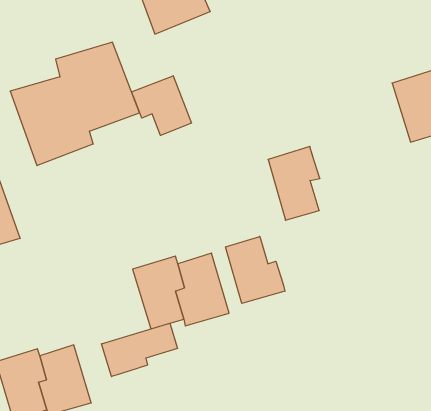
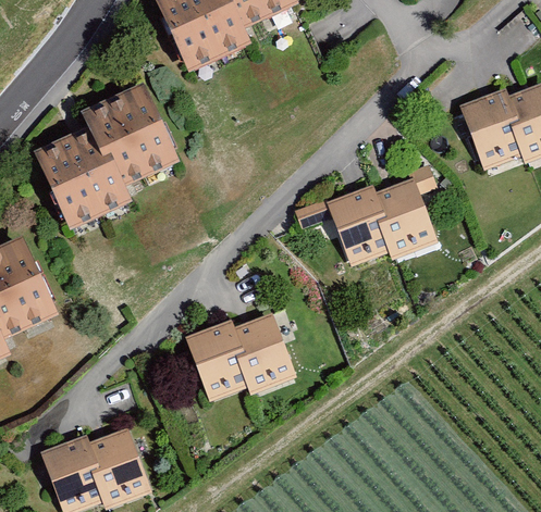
building: [131,76,191,135] -> none
building: none -> [376,177,438,261]
building: [225,236,285,303] -> none
building: [102,323,178,377] -> none

